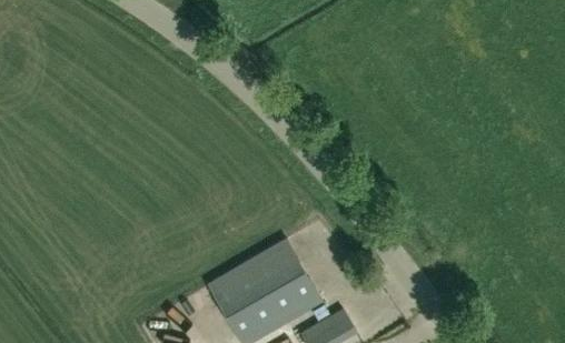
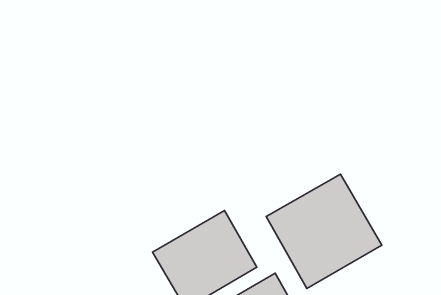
building: none -> [266,174,382,288]

